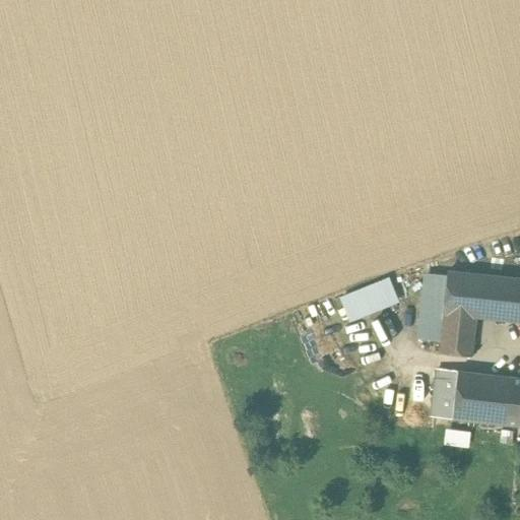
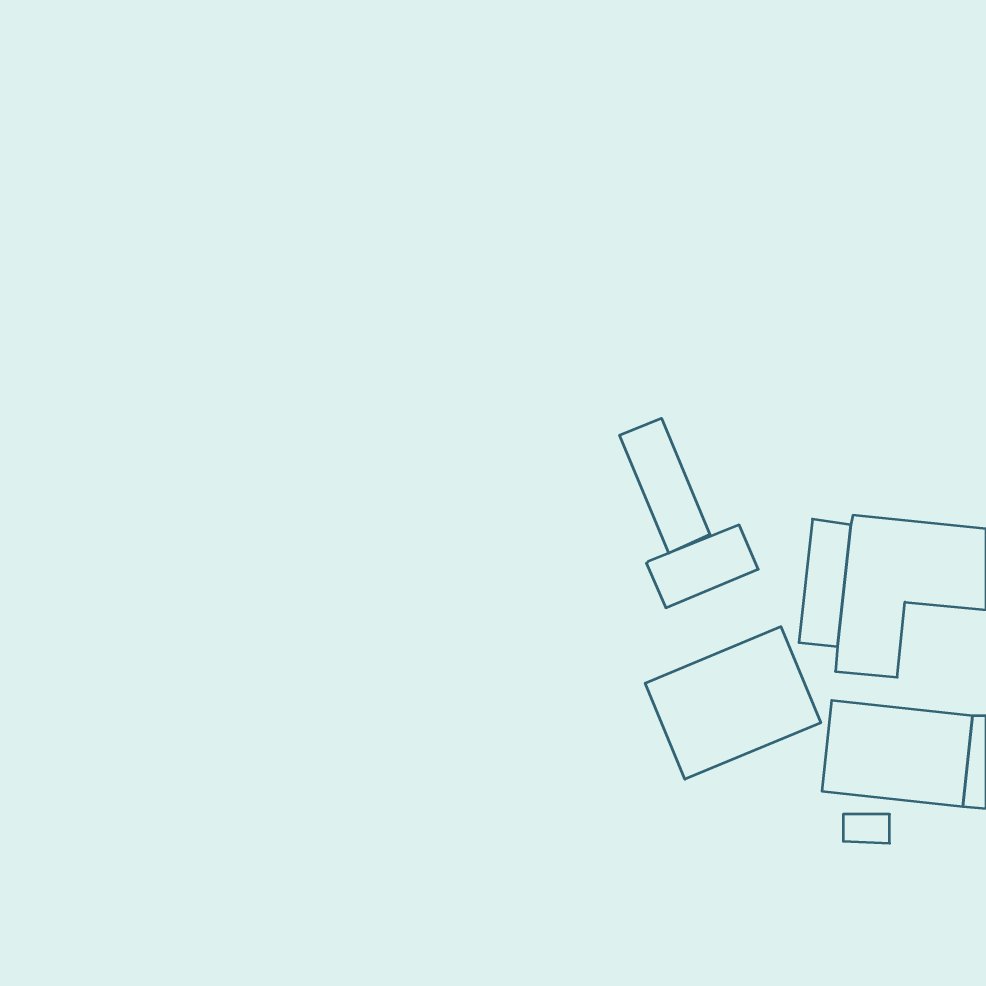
building: none -> [620,418,710,553]
building: none -> [645,627,821,779]

